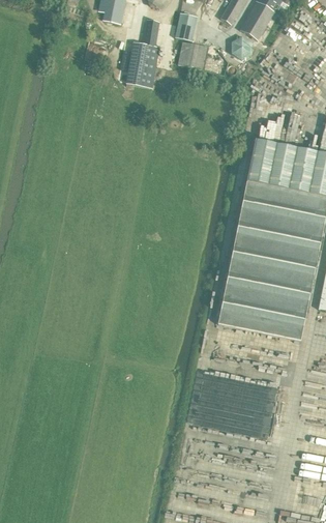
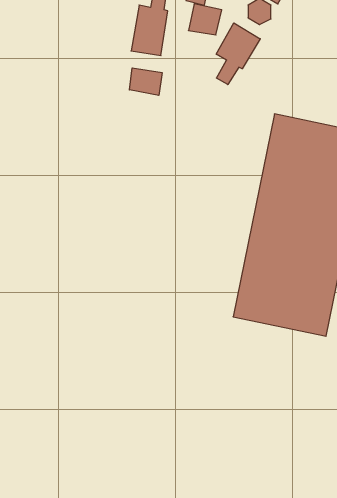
building: none -> [216,23,260,85]
building: none -> [129,68,162,95]

